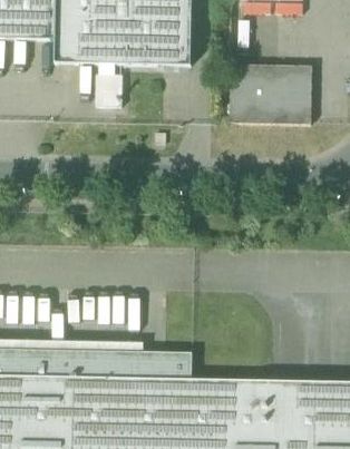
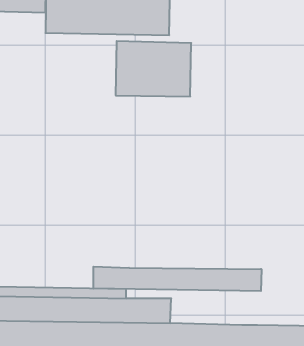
building: [230,66,312,126] -> [116,41,191,96]
building: none -> [93,267,261,291]

